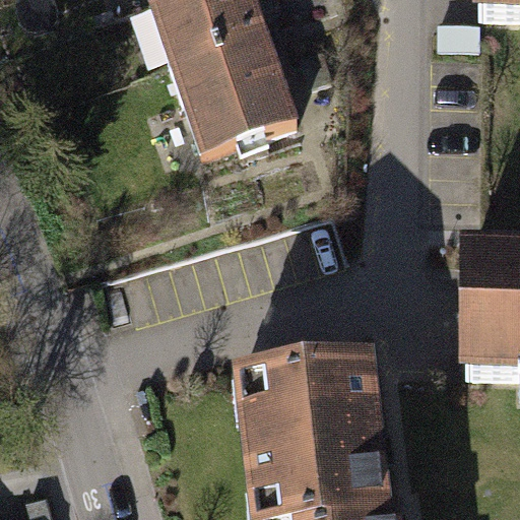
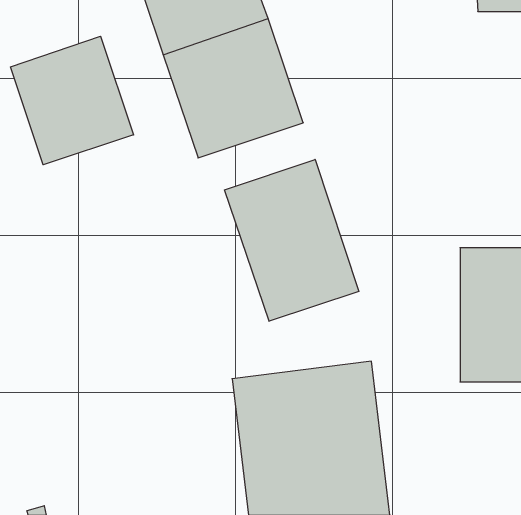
building: none -> [10,36,134,165]
building: none -> [225,159,359,321]

